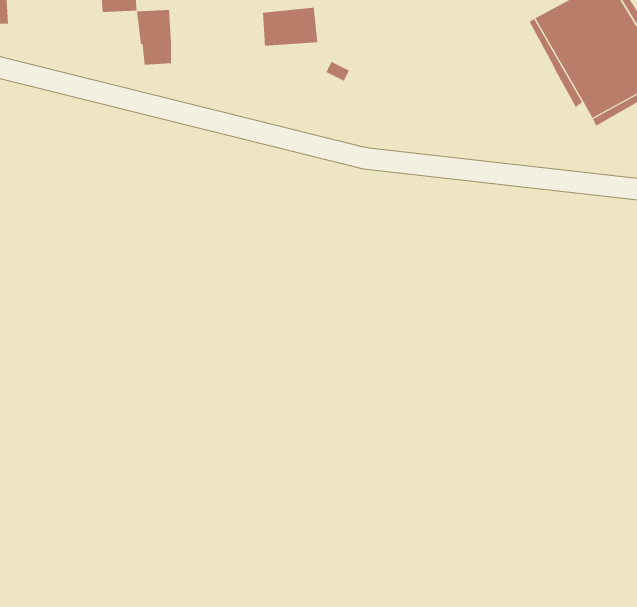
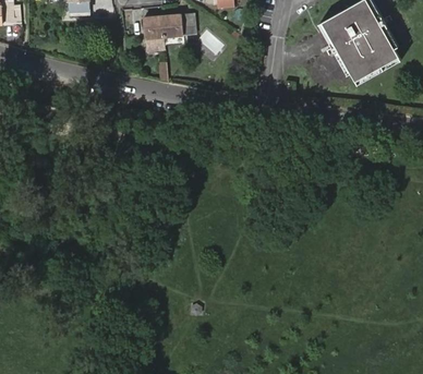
building: [136,9,172,65] -> [142,16,162,49]

